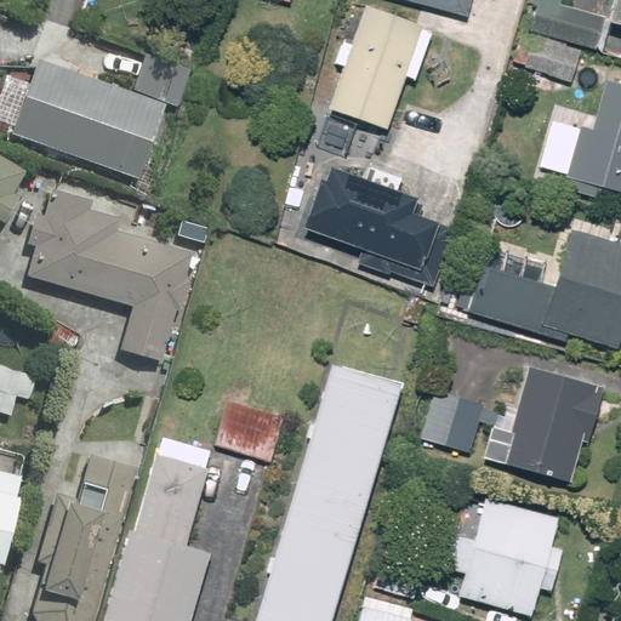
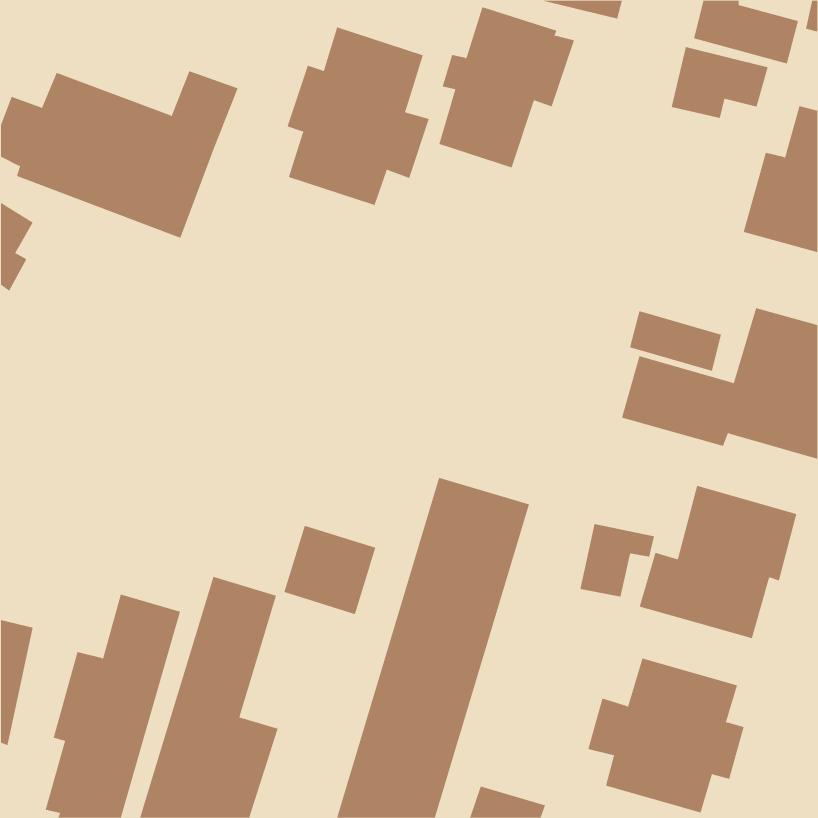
building: none -> [287,27,429,206]
building: [298,167,452,295] -> none
building: [28,189,190,359] -> none

